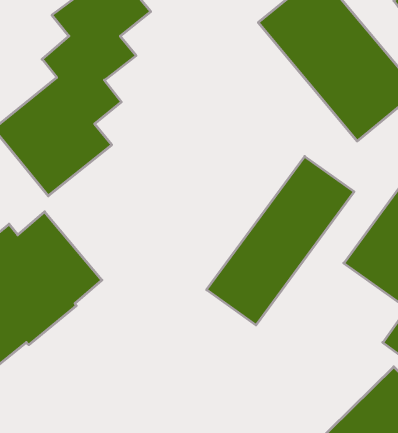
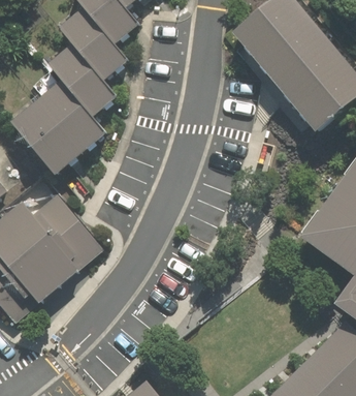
building: [207,156,354,325] -> none

